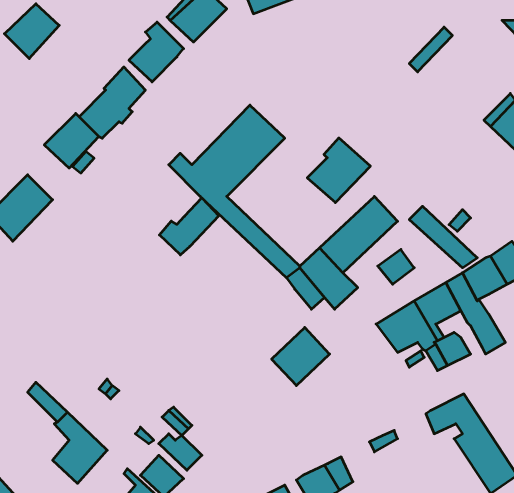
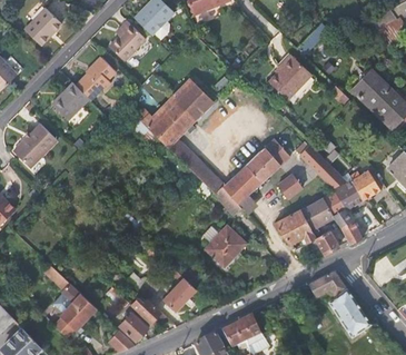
building: [307,138,370,203] -> [267,53,309,97]
building: [159,198,219,255] -> none
building: none -> [162,268,194,309]

